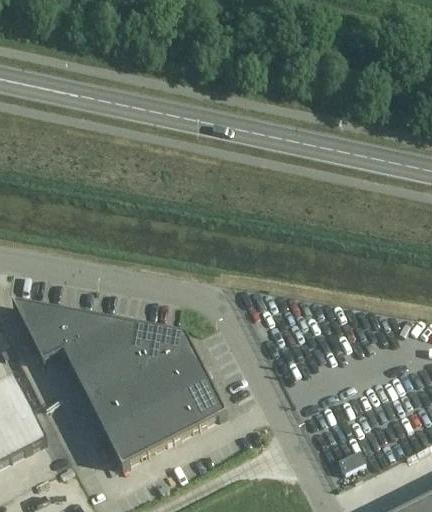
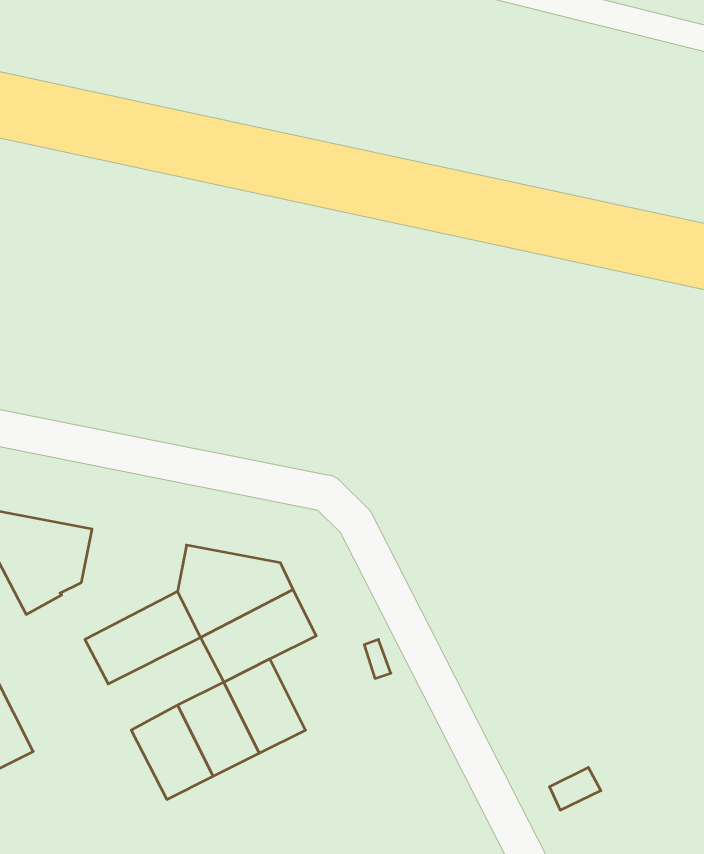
building: [61,311,132,373] -> none
building: [179,371,225,424] -> none
building: [88,372,153,424] -> none

